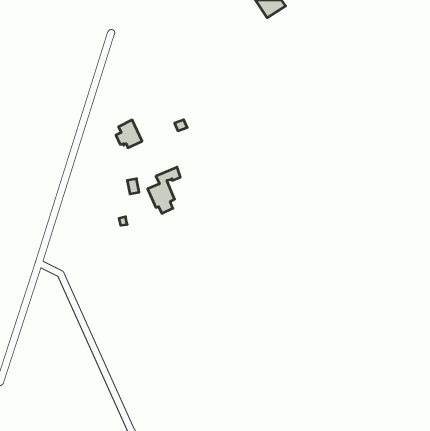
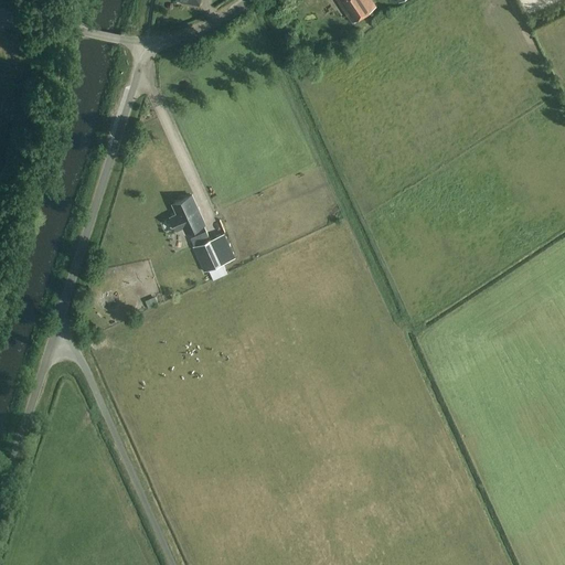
building: [116,120,142,148] -> [171,196,205,233]

